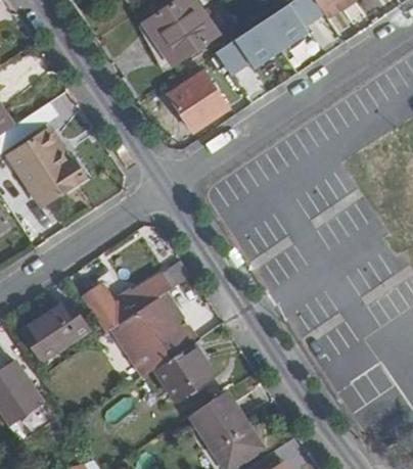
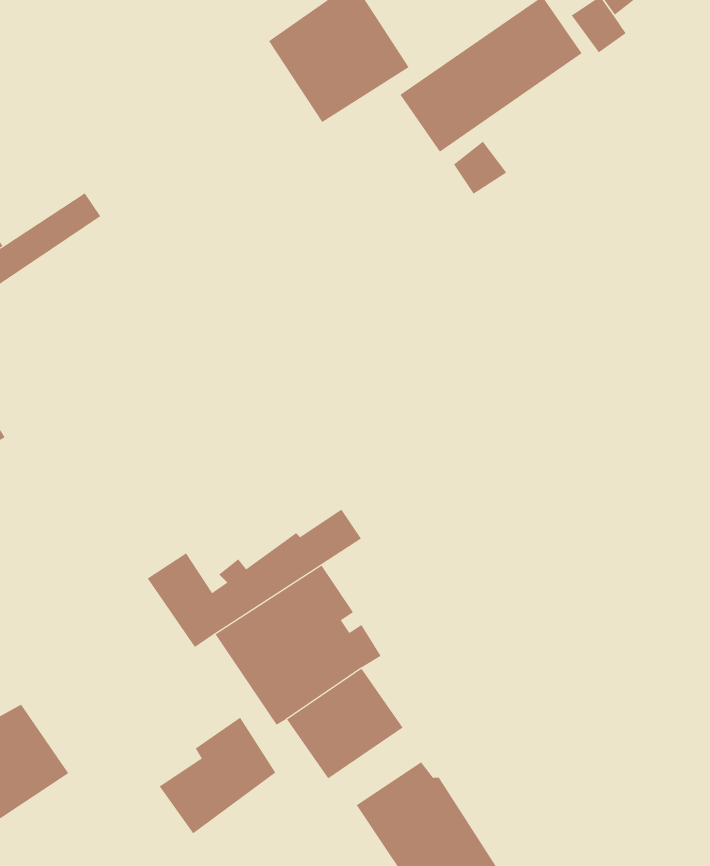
building: [170,73,230,134] -> none
building: [13,132,87,204] -> none
building: [25,301,85,362] -> [159,717,276,834]

